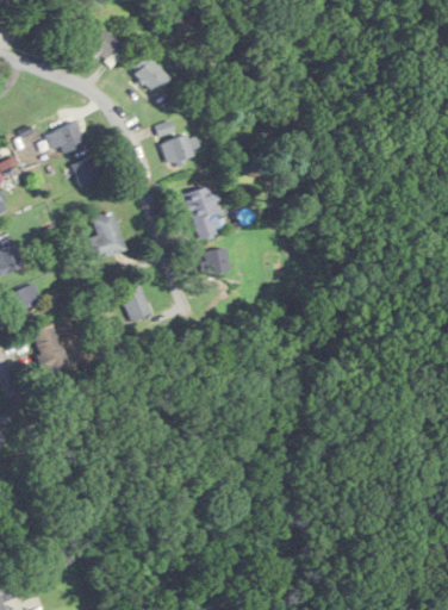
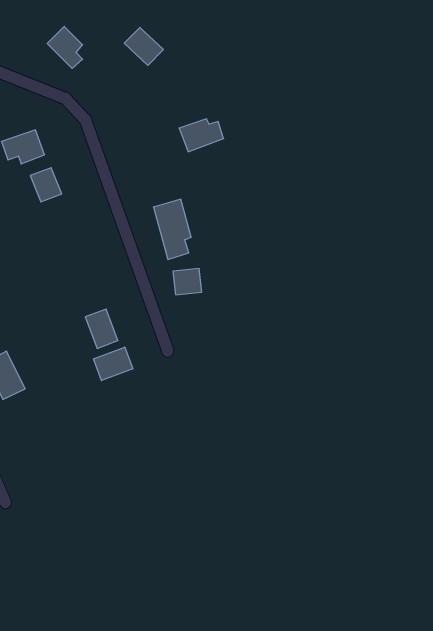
building: [132,58,168,93] -> [124,27,163,65]
building: [160,135,200,164] -> [179,119,224,152]
building: [85,212,125,262] -> none
building: none -> [93,347,133,381]

